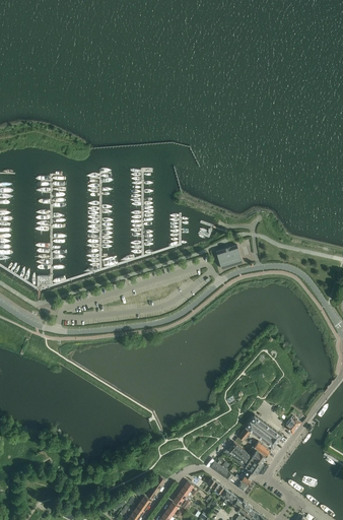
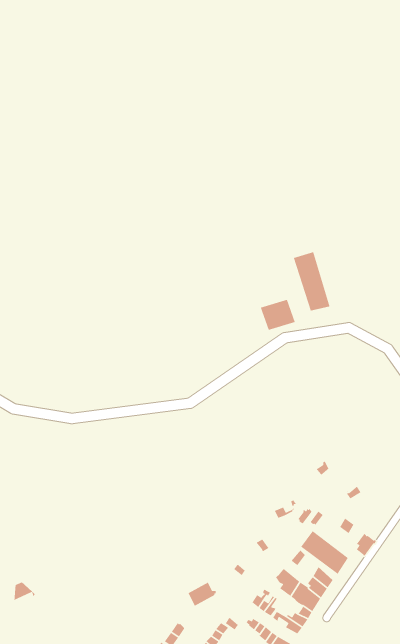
building: none -> [293,251,330,312]

